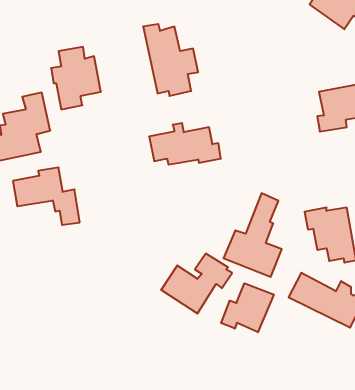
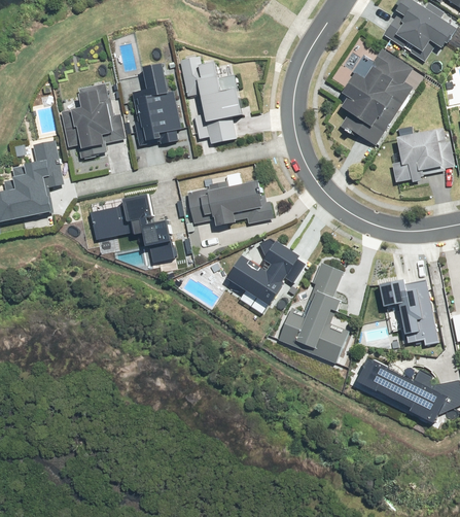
building: none -> [339,45,417,146]
building: none -> [135,61,182,143]
building: [13,167,80,225] -> [95,193,176,263]
building: [161,254,232,314] -> [224,240,311,313]
building: [221,283,274,332] -> none

